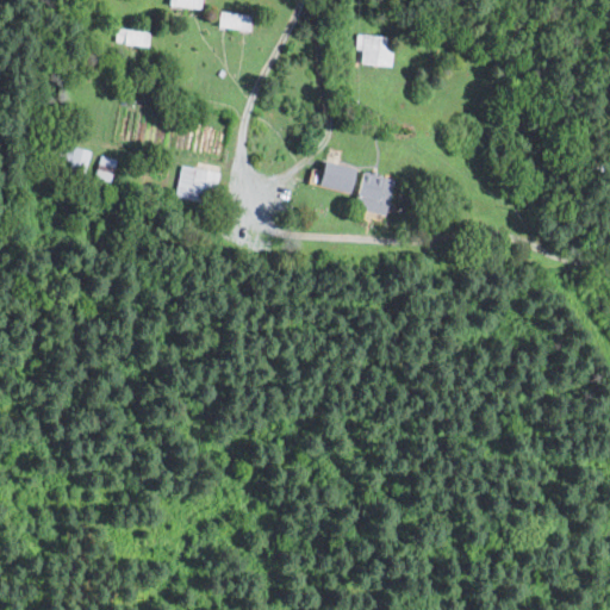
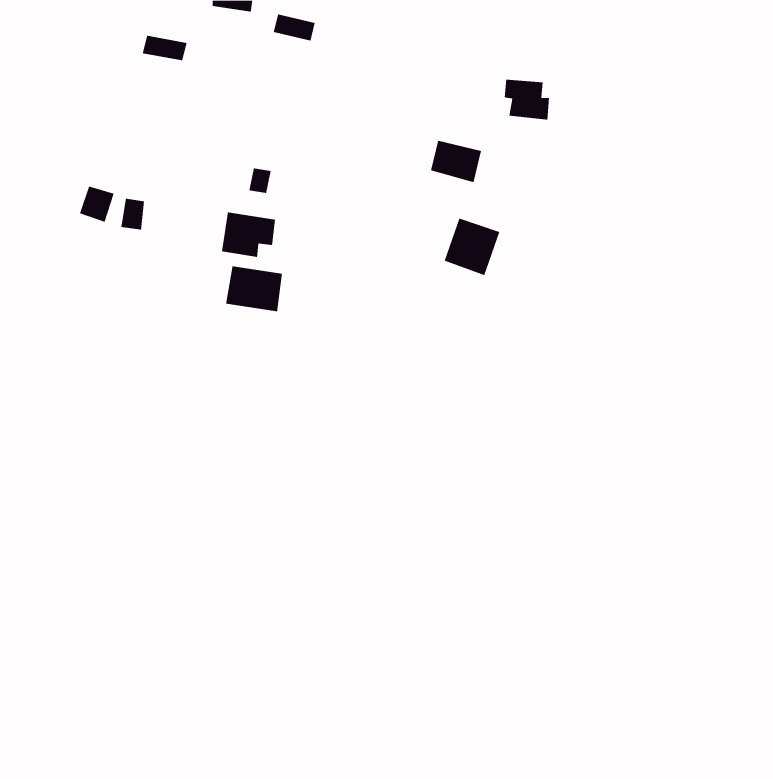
building: [357,35,393,67] -> [504,79,550,120]
building: [316,161,356,194] -> [430,140,482,183]
building: none -> [226,266,283,312]

